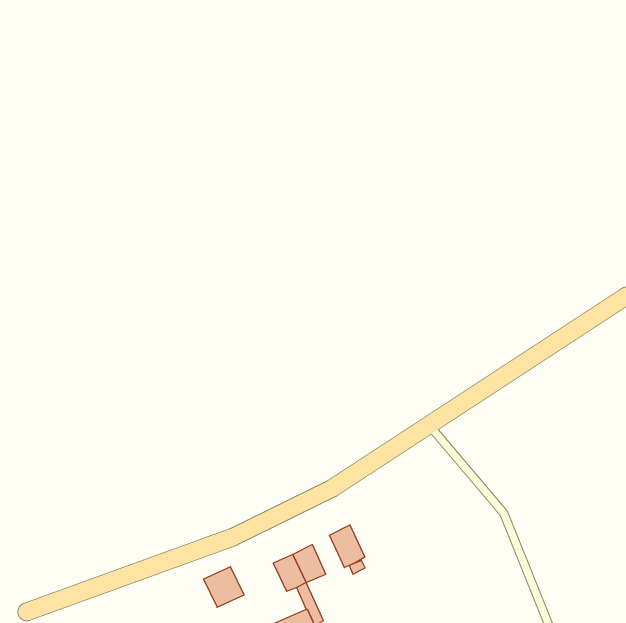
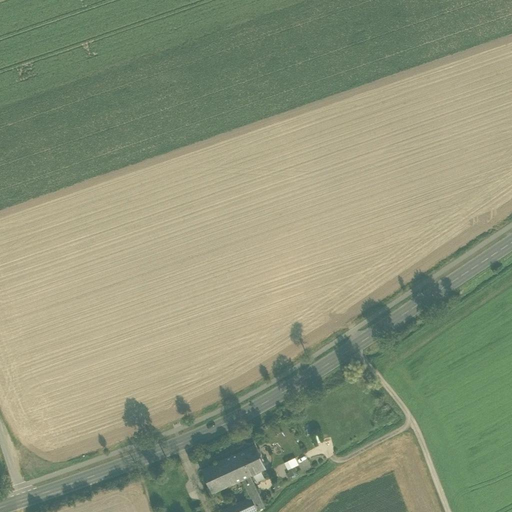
building: [330,525,365,568] -> none
building: [204,567,244,607] -> [201,462,234,495]

